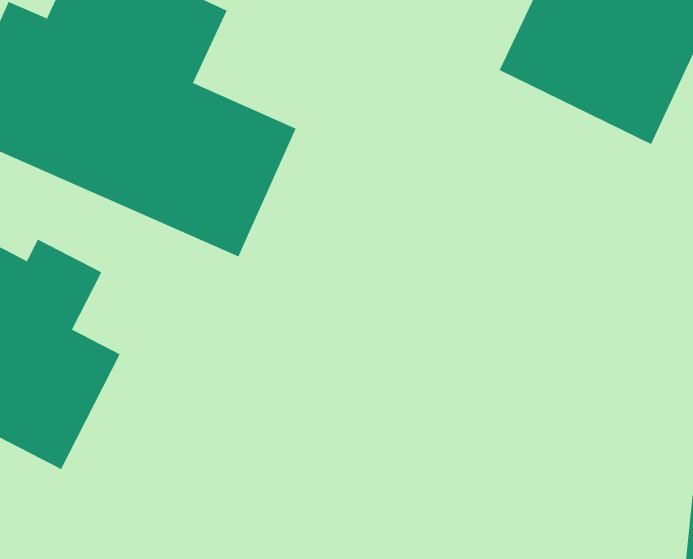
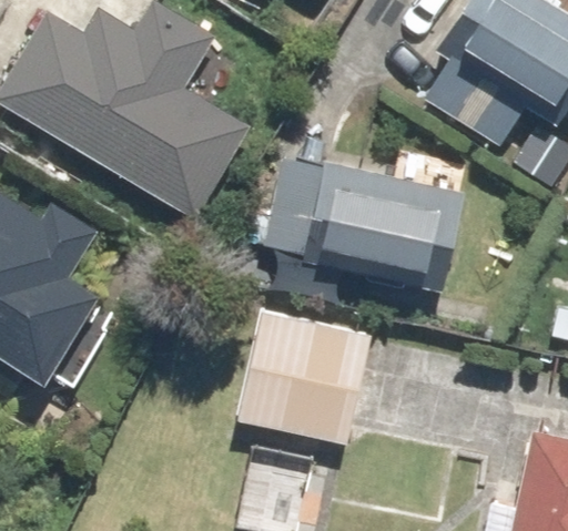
building: none -> [280,162,457,290]
building: none -> [231,310,366,448]

